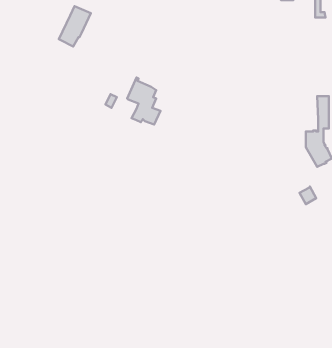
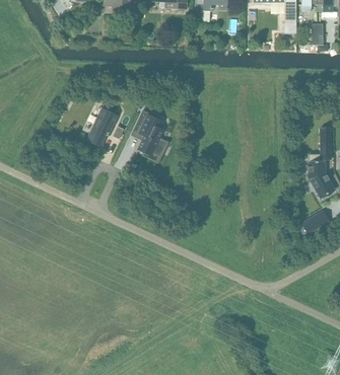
building: [59,6,91,47] -> [86,106,118,146]

